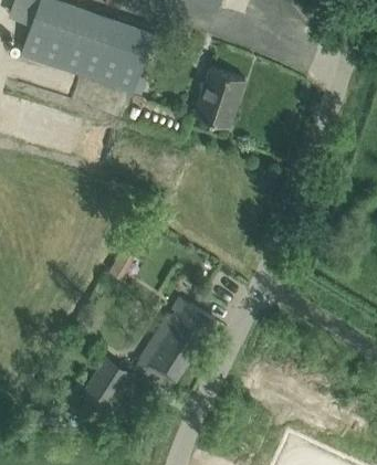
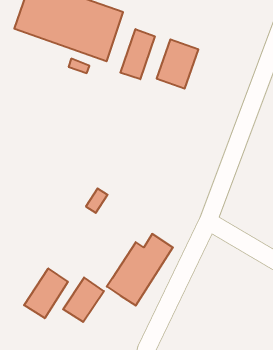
building: none -> [120,29,155,79]
building: none -> [24,268,68,318]

